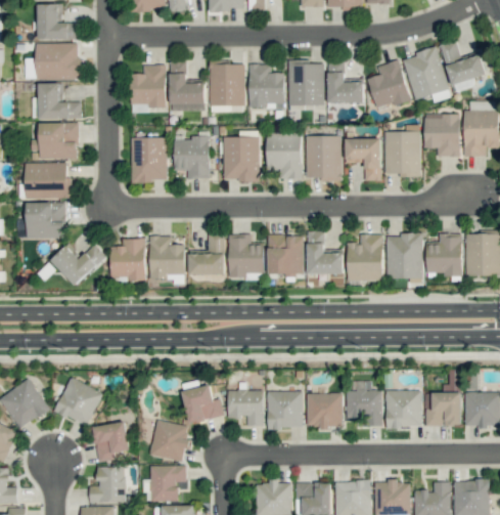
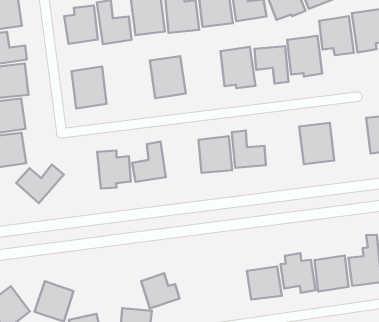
building: [266,133,302,179] -> none
building: [174,137,210,179] -> none
building: [425,233,462,275] -> none
building: [228,234,264,277] -> none
building: [347,234,382,281] -> none
building: [110,239,145,280] -> none
building: [227,390,263,426] -> none
building: [267,391,303,429] -> none

